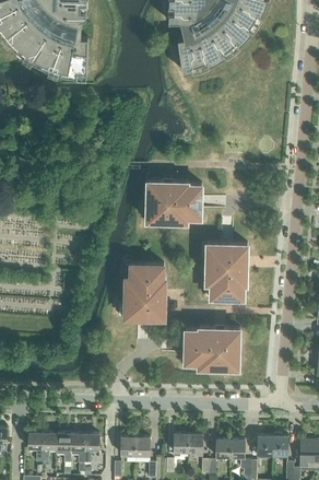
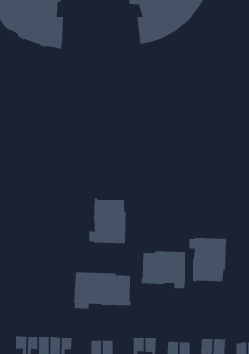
building: [146,180,201,226] -> none
building: [200,243,247,297] -> [189,238,227,282]
building: none -> [73,272,131,310]

